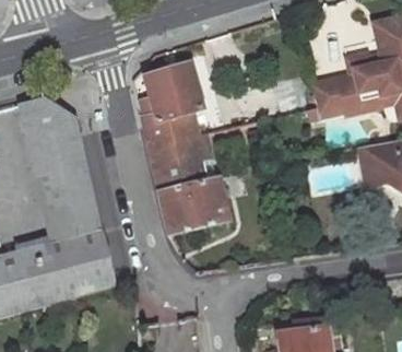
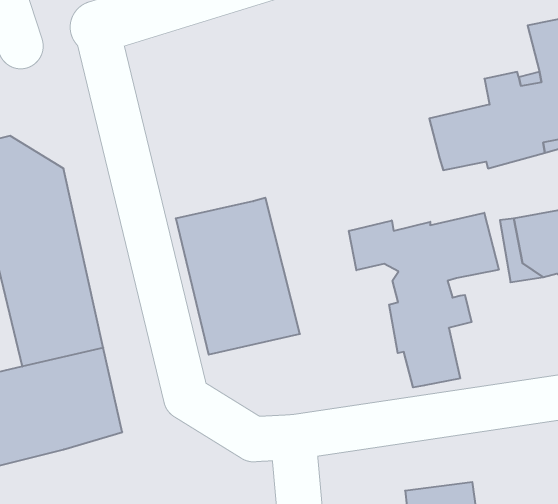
building: [137,62,201,148] -> none
building: none -> [349,213,499,387]

